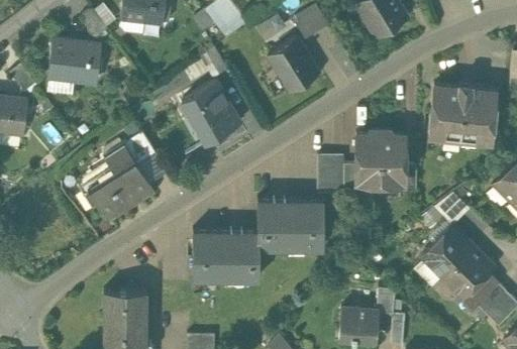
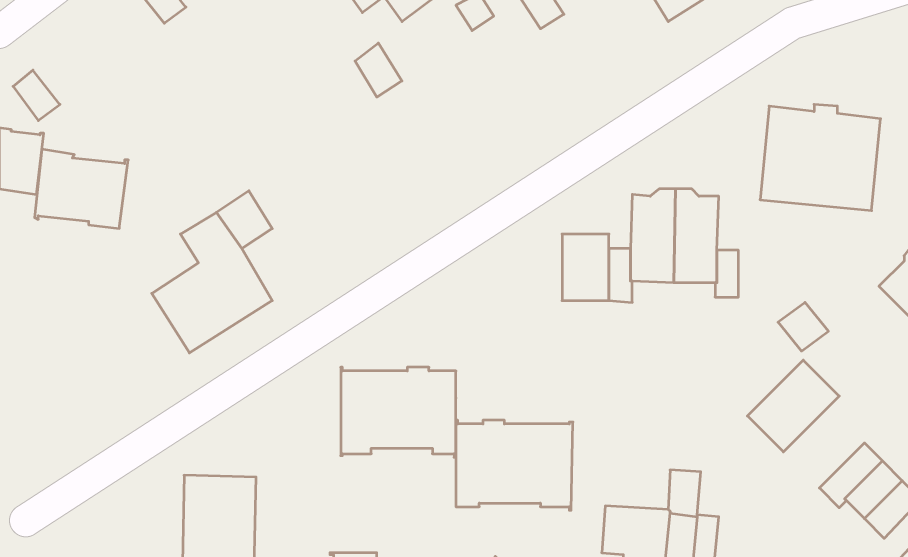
building: [267,38,319,93] -> none
building: [47,39,100,84] -> [35,149,128,228]
building: [182,83,239,144] -> none
building: [257,200,323,250] -> [456,420,573,510]
building: [441,247,493,299] -> none

